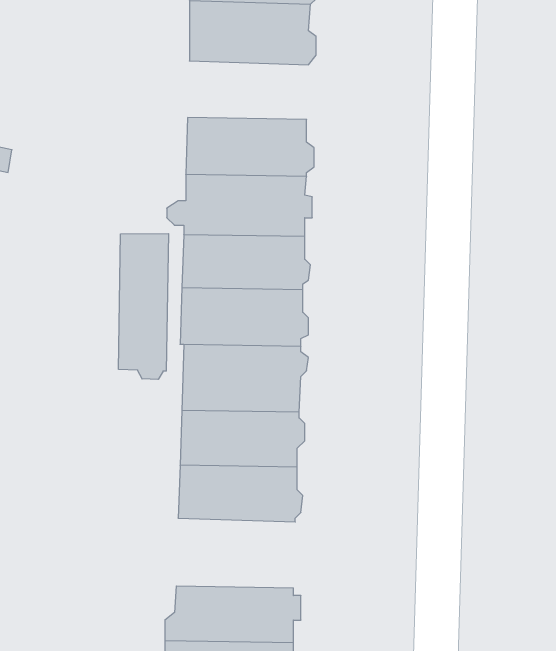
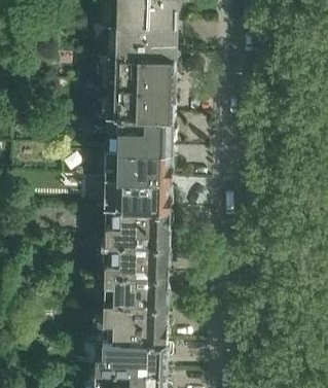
building: none -> [107,50,176,82]
building: [119,234,168,379] -> none
building: none -> [101,299,169,338]

